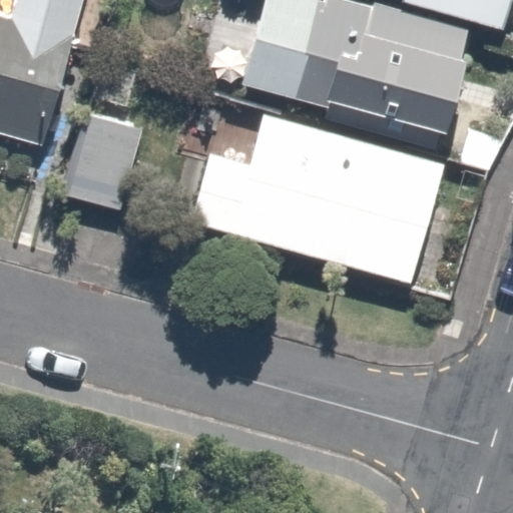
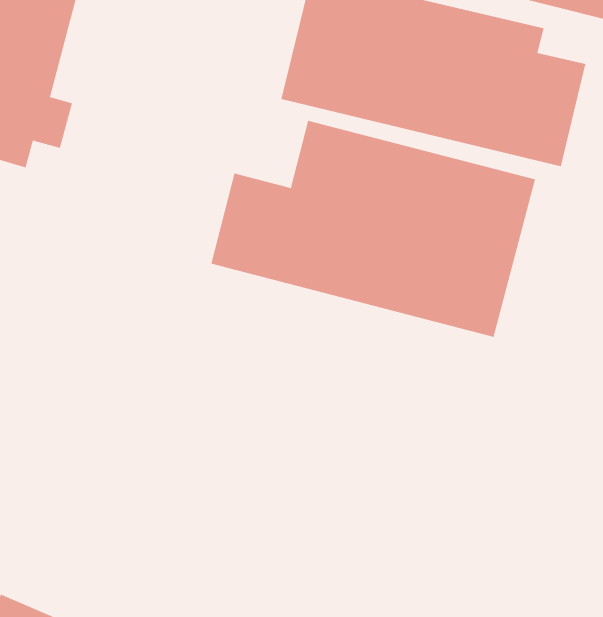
building: [43,103,144,210] -> none

